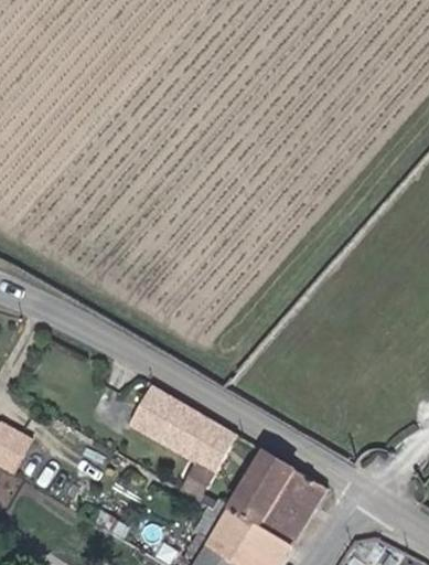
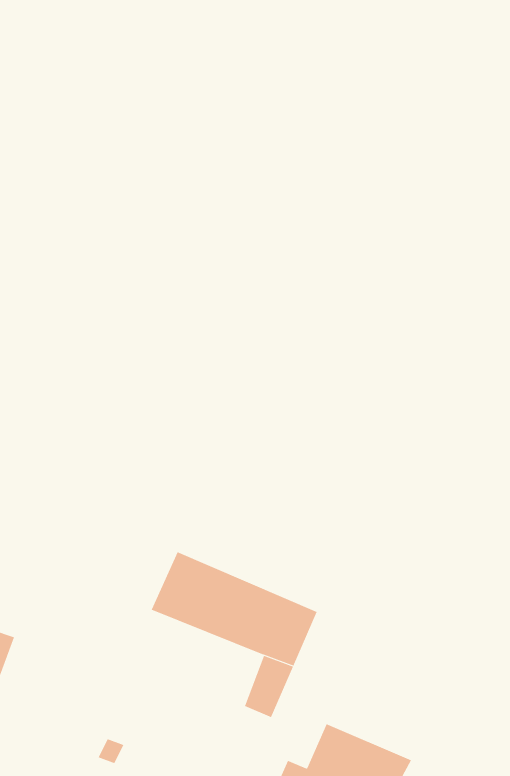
building: [235,454,326,543] -> none

